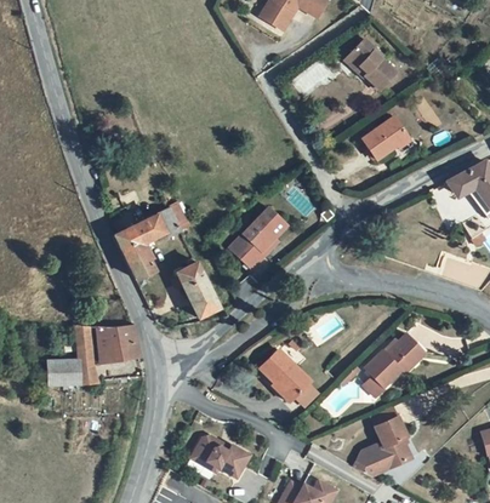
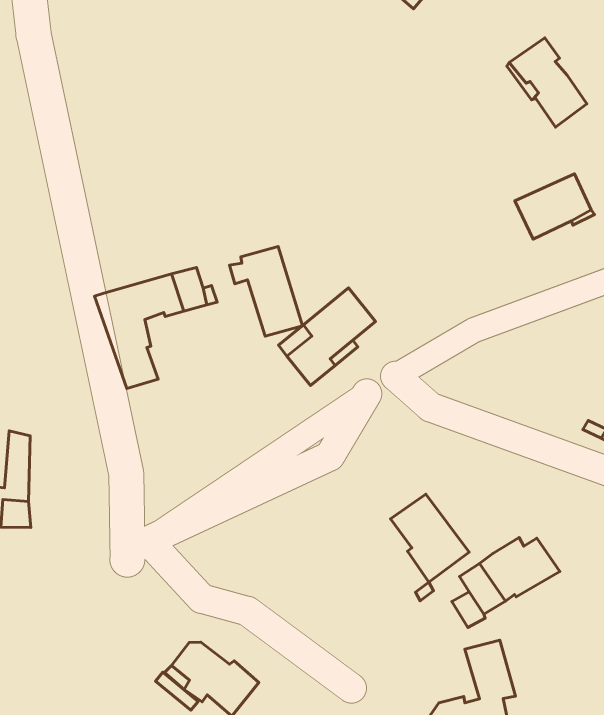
building: [172,261,222,316] -> [230,247,302,336]
building: [96,324,139,362] -> none
building: [258,348,309,401] -> [390,494,469,582]

